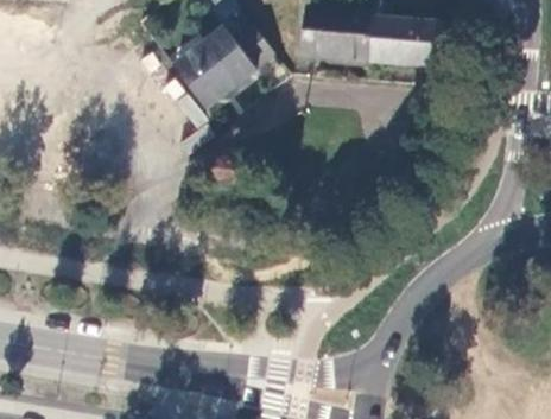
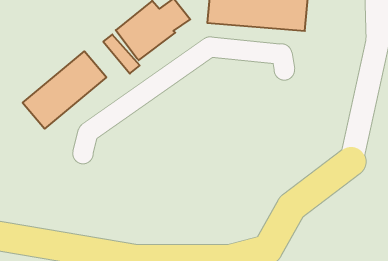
building: none -> [23,51,106,129]

